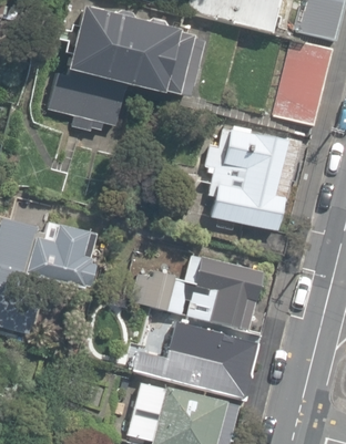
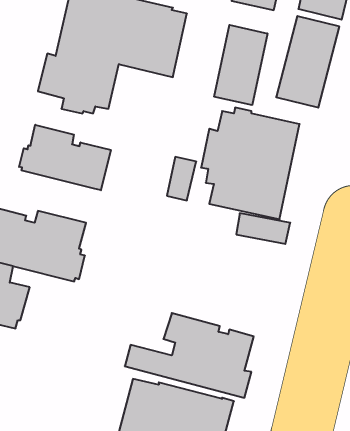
building: none -> [214,25,267,105]
building: none -> [19,125,111,190]
building: [132,256,267,333] -> none

